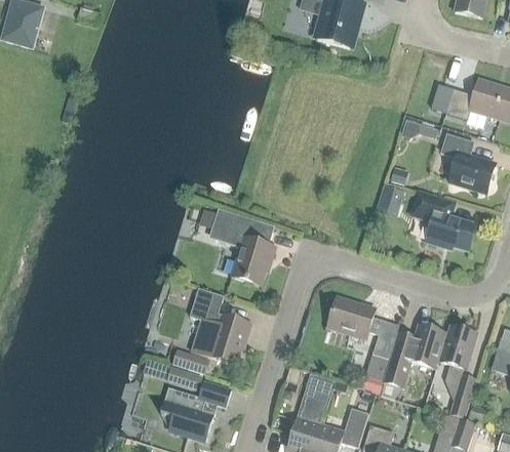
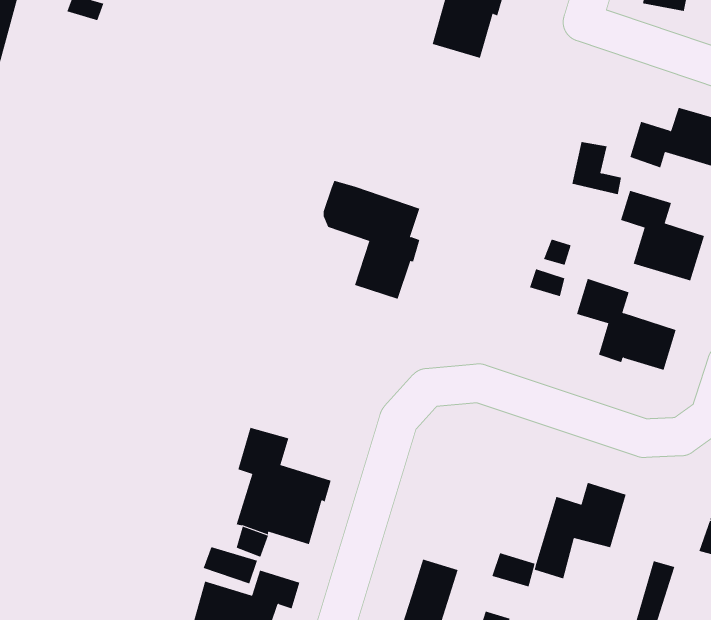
building: [210,207,274,285] -> [323,180,420,299]
building: [326,296,397,358] -> none
building: [439,325,475,368] -> none

